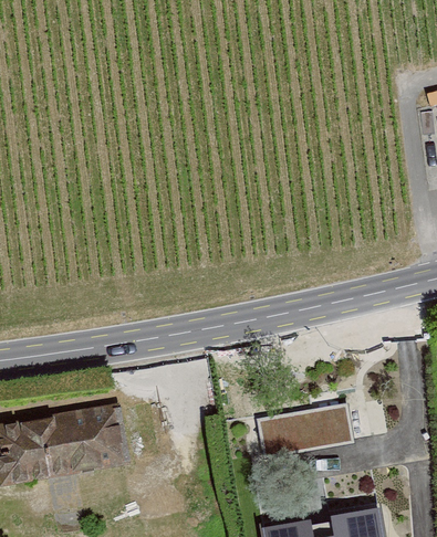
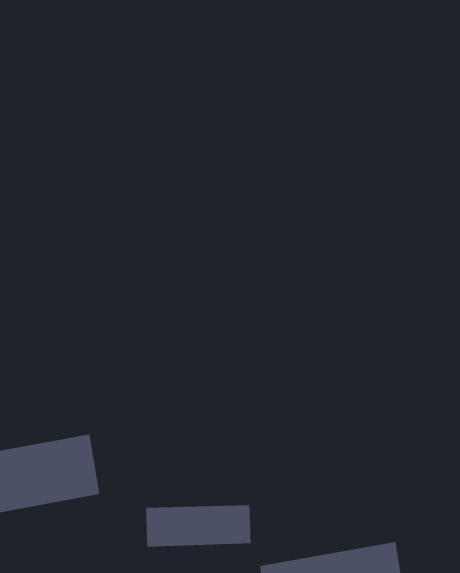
building: [261,411,353,448] -> [145,505,251,547]

